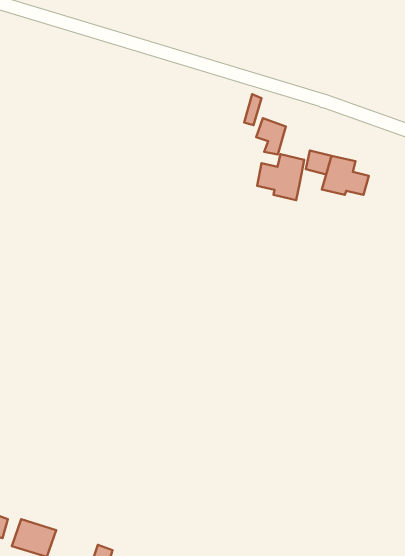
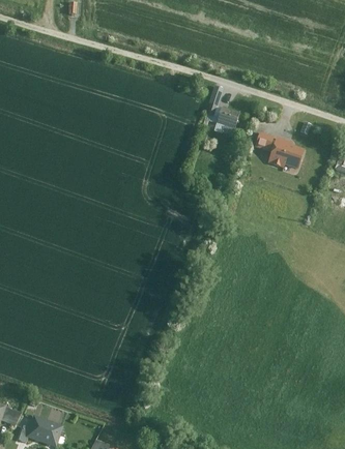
building: [257,154,304,200] -> none

